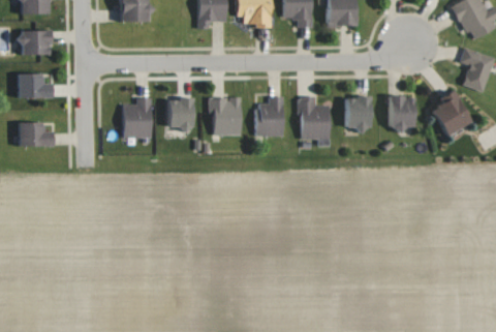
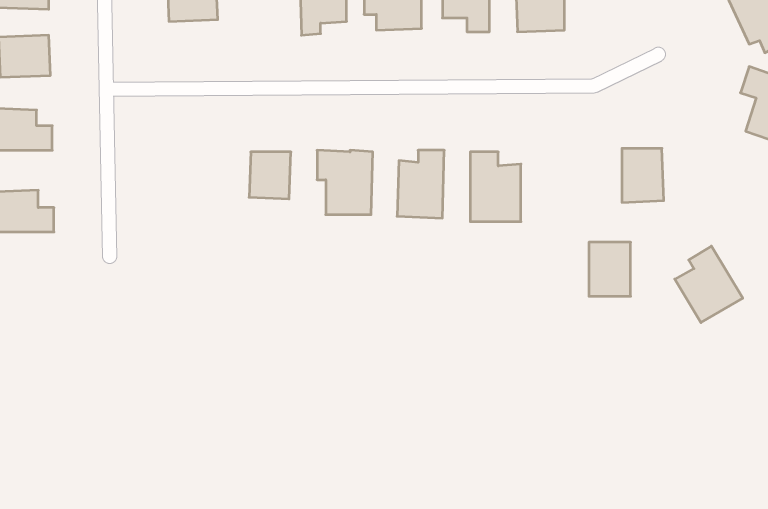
building: [431,90,471,135] -> [675,246,743,323]
building: [346,96,371,128] -> [589,242,631,296]
building: [123,98,152,138] -> none

